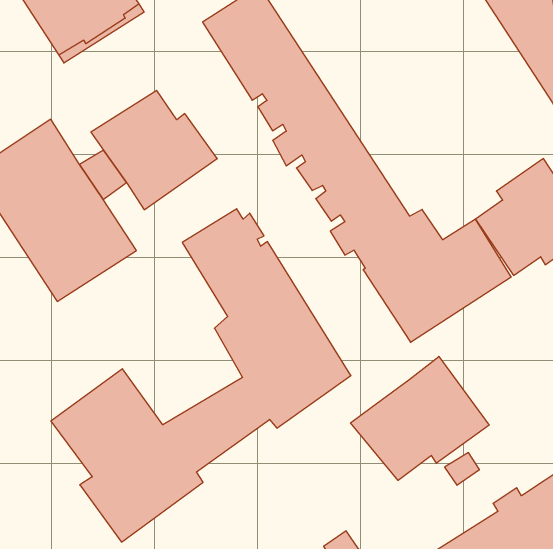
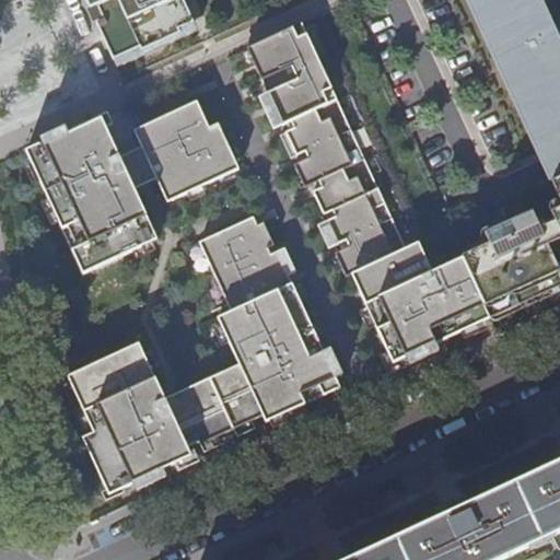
building: [351,356,489,480] -> none

